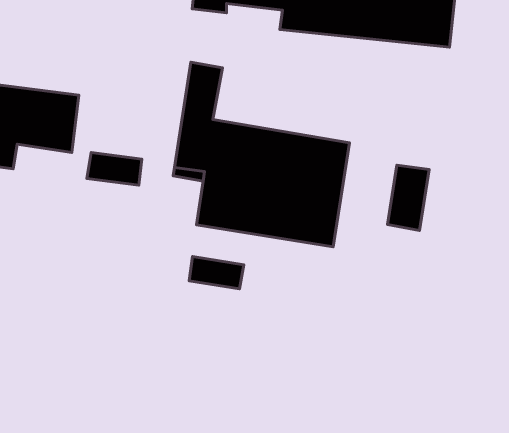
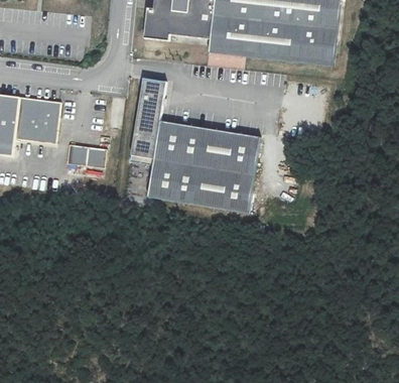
building: [388,165,429,231] -> none
building: [189,257,244,289] -> none

